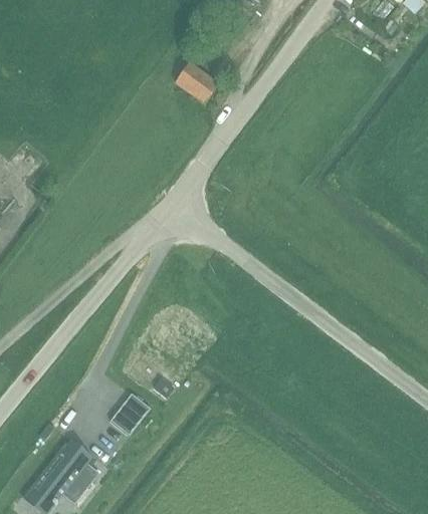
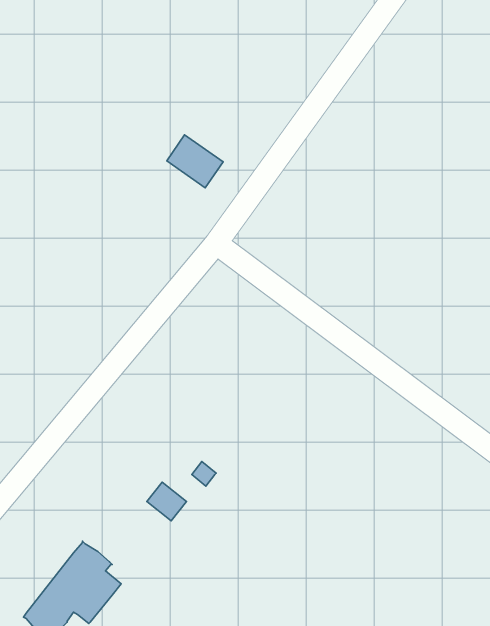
building: [174,62,218,103] -> [167,135,223,188]

